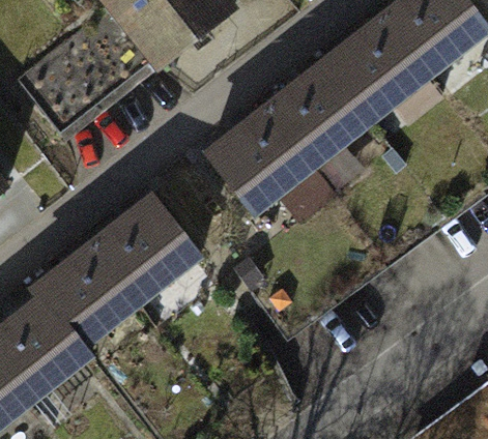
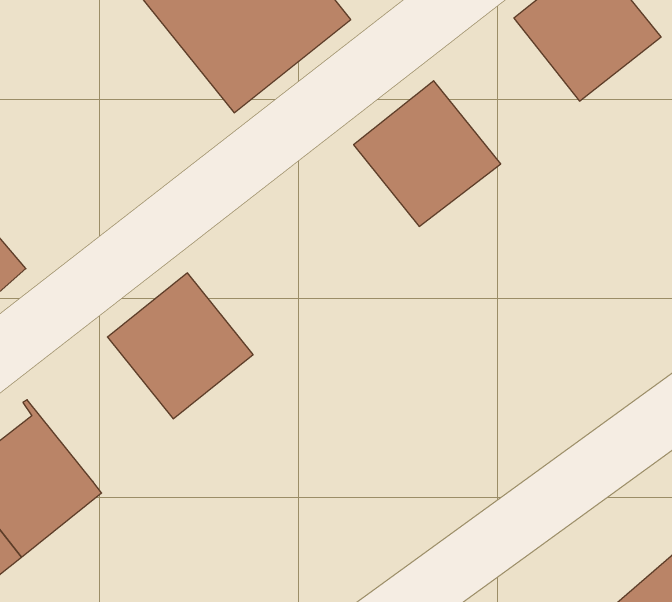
building: [316,19,420,122] -> none
building: [199,109,306,214] -> none
building: [27,245,131,348] -> none

